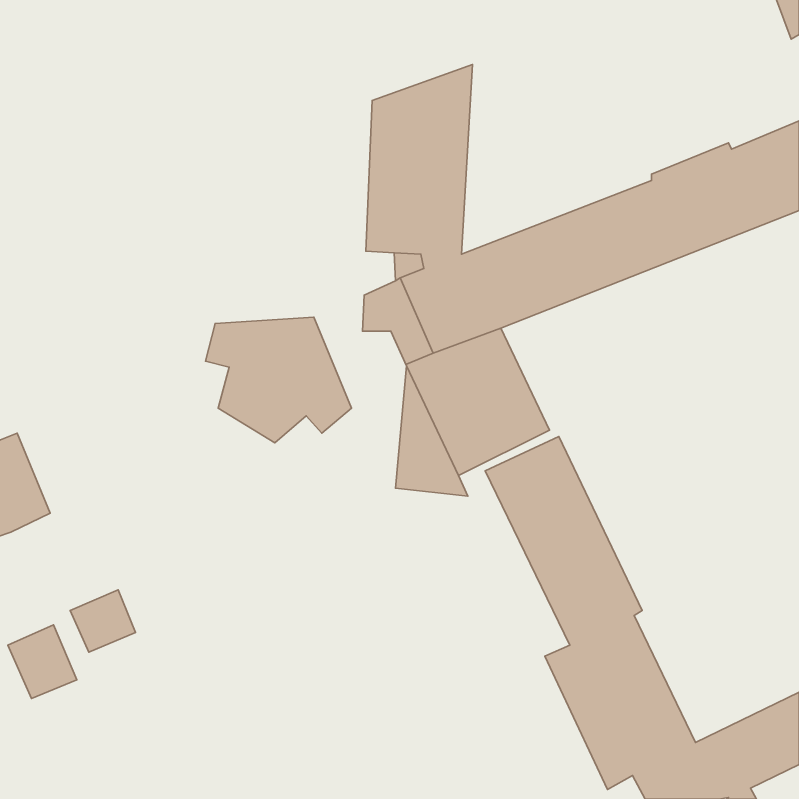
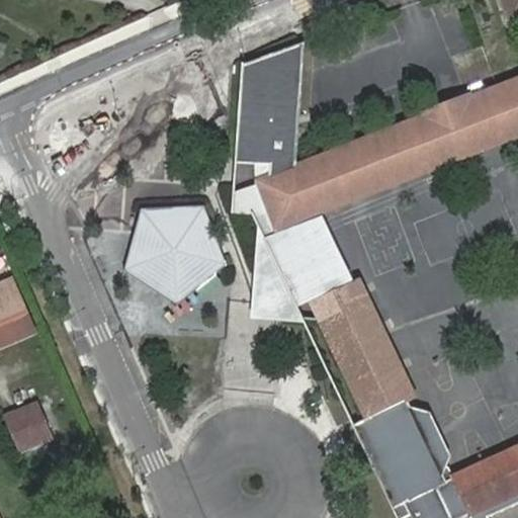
building: none -> [123,233,207,305]
building: [70,590,136,652] -> none

